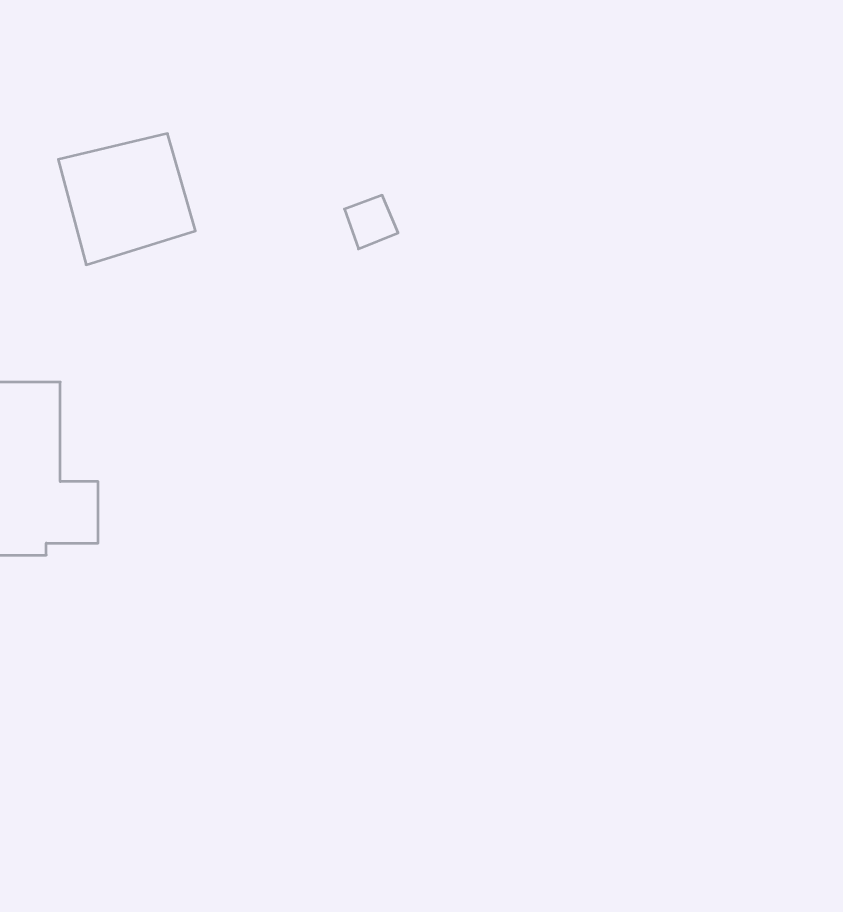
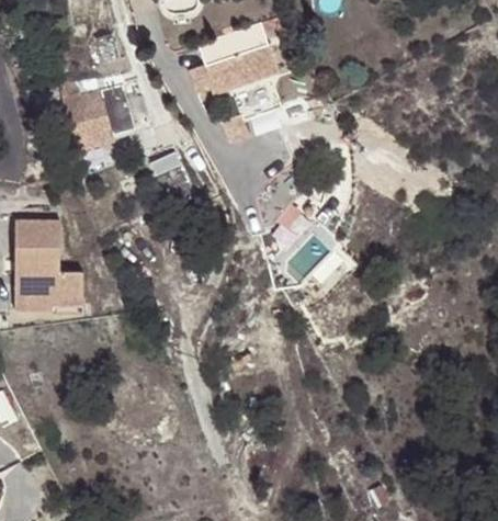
building: none -> [199,16,292,94]

